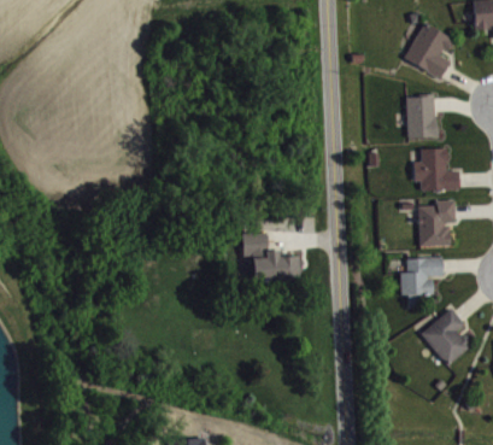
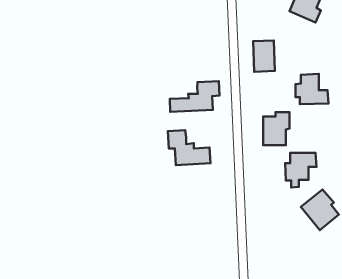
building: [406,95,436,139] -> [253,40,275,72]
building: none -> [170,81,219,112]
building: [418,200,454,246] -> [263,112,289,145]

